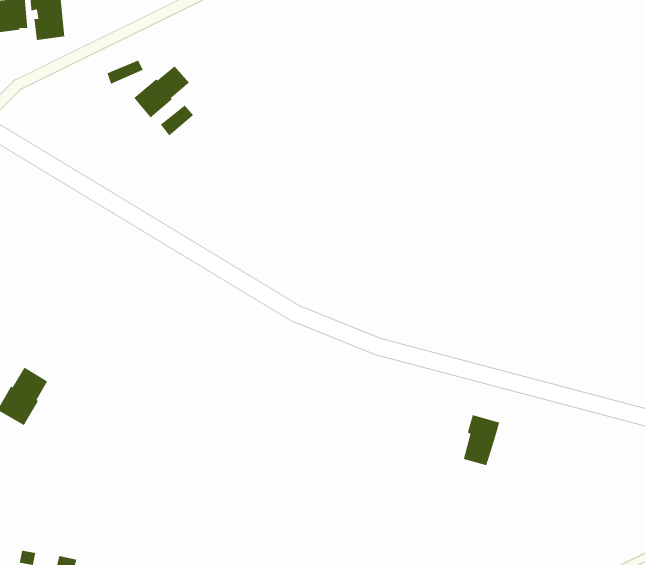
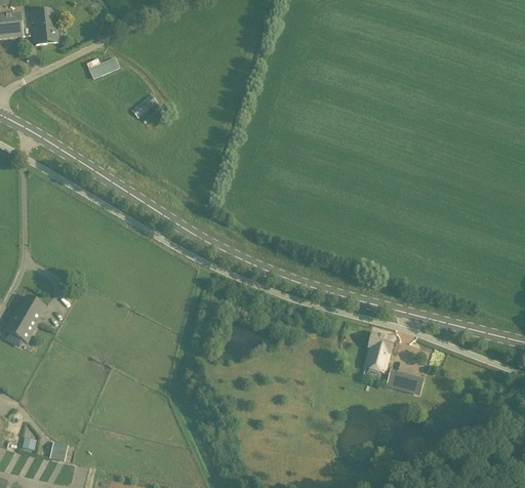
building: [133,65,190,118] -> none
building: none -> [385,367,410,391]

